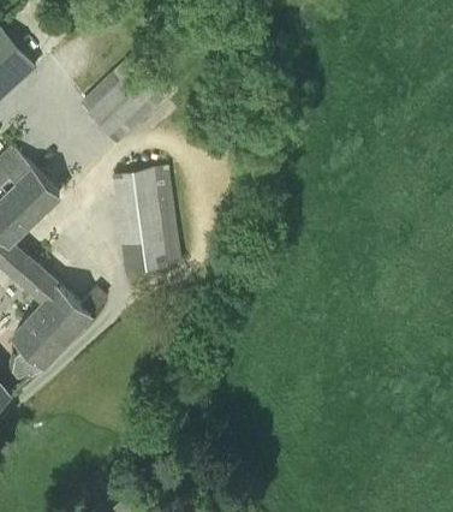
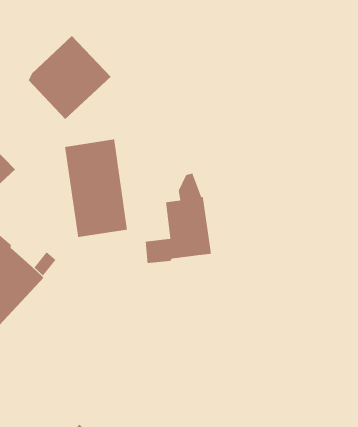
building: none -> [145,172,212,264]

